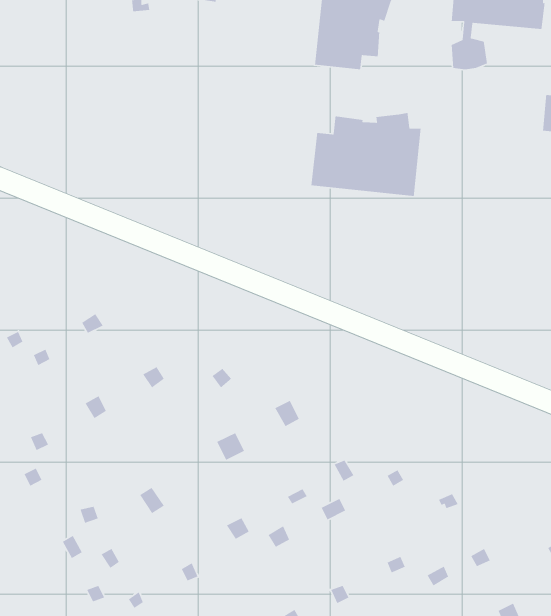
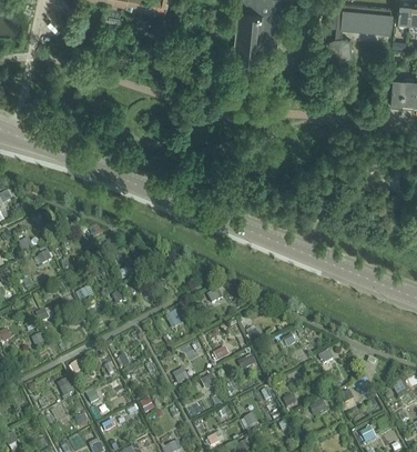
building: [311,112,421,197] -> none

